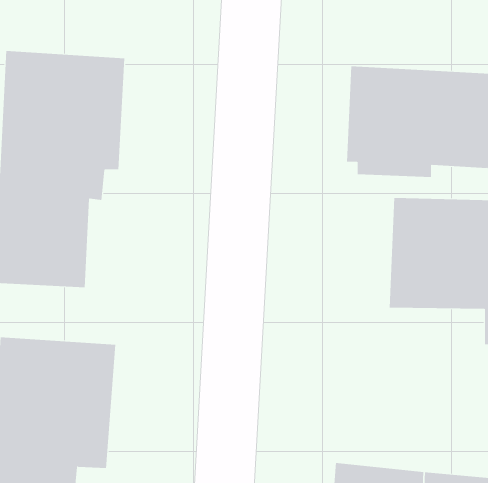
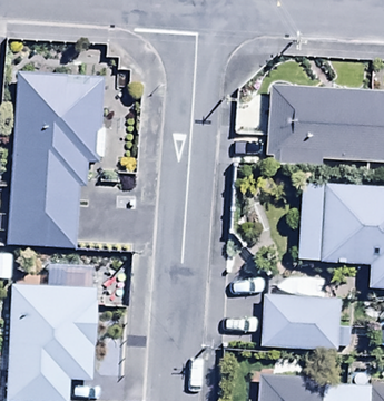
building: none -> [259,293,341,350]

